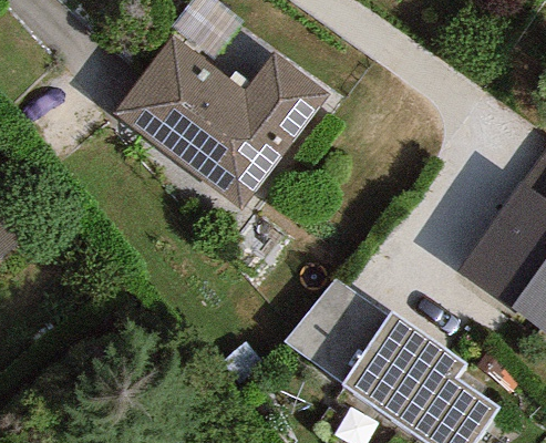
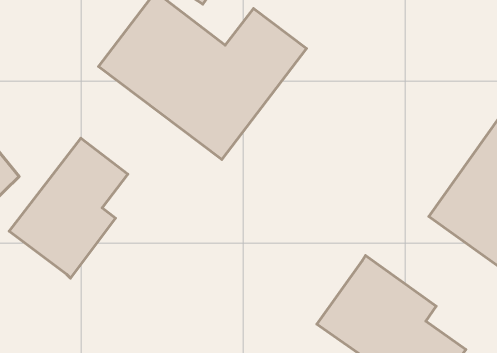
building: none -> [9,138,128,278]
building: [285,278,389,382] -> none

